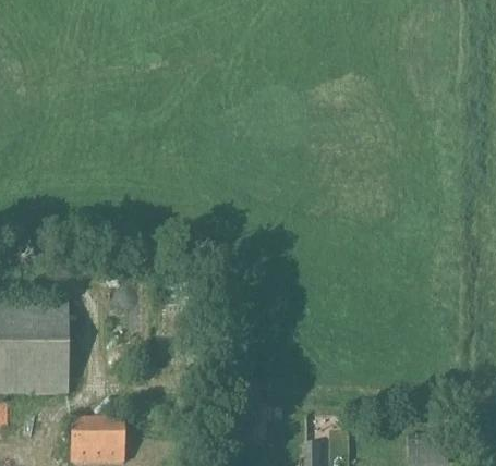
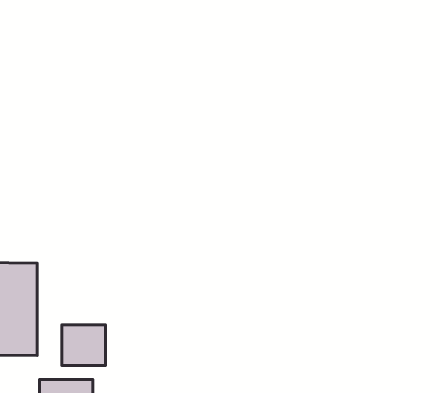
building: none -> [62,325,106,366]

